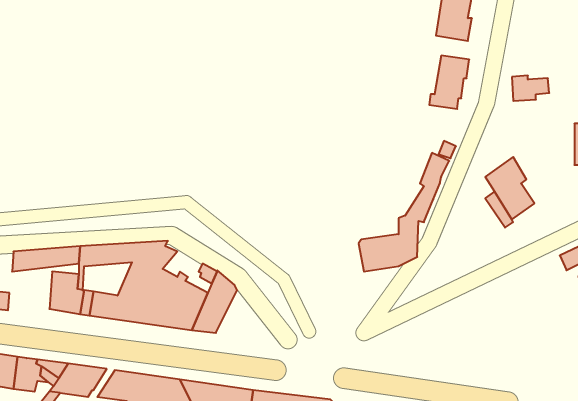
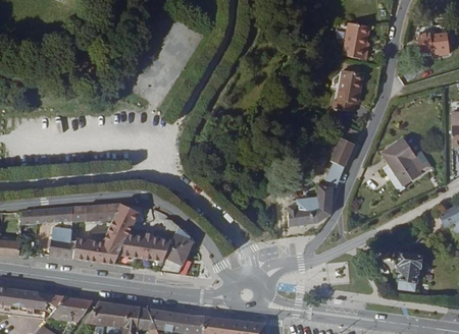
building: [512,76,549,101] -> [419,31,448,50]
building: none -> [398,252,422,288]

